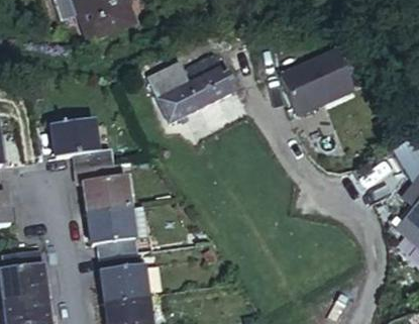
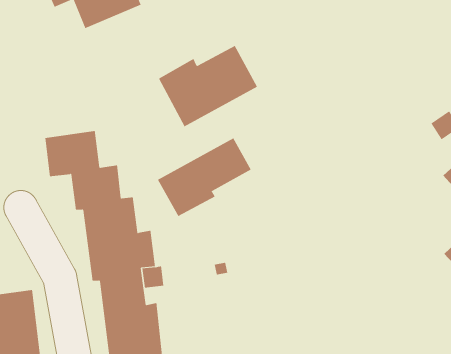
building: [284,50,355,112] -> none
building: none -> [157,138,251,217]

